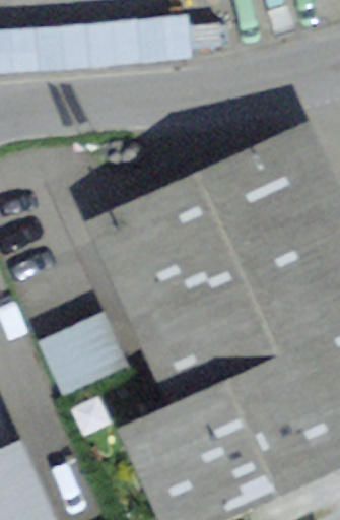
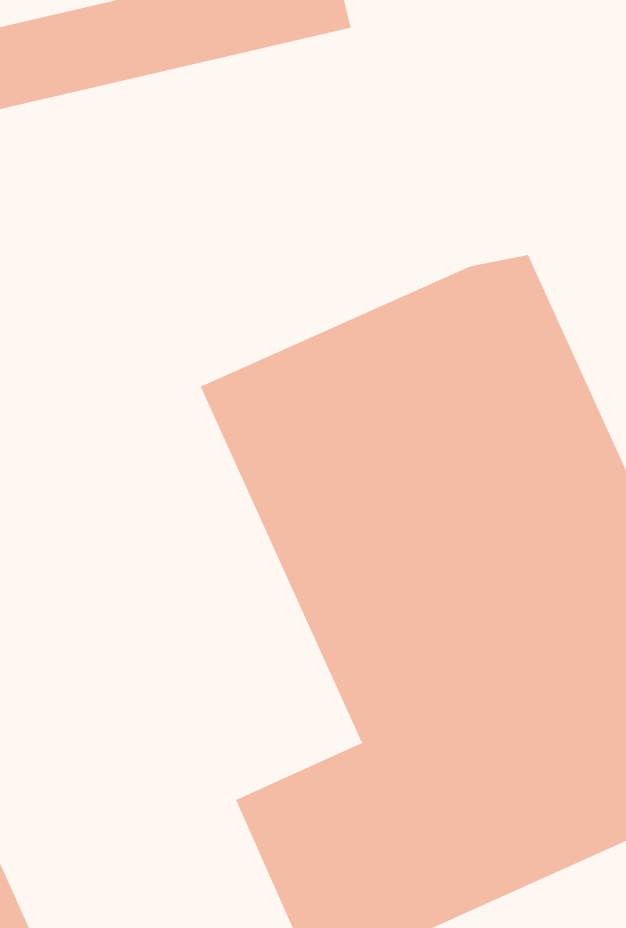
building: [35,312,123,394] -> none

